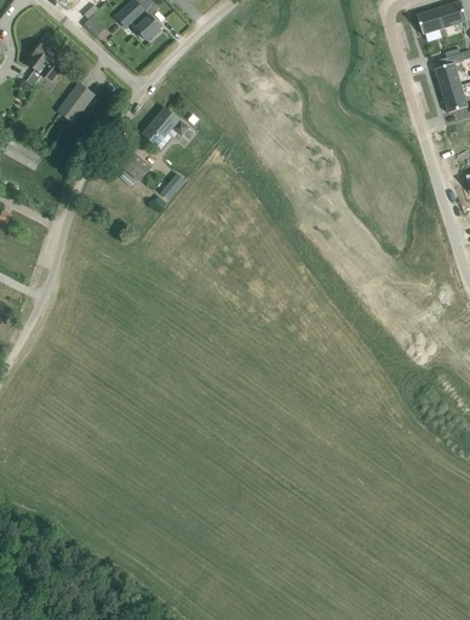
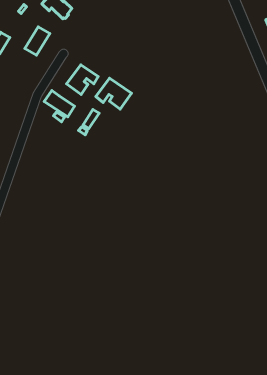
building: [58,82,96,122] -> [25,27,50,55]
building: none -> [96,78,132,109]

